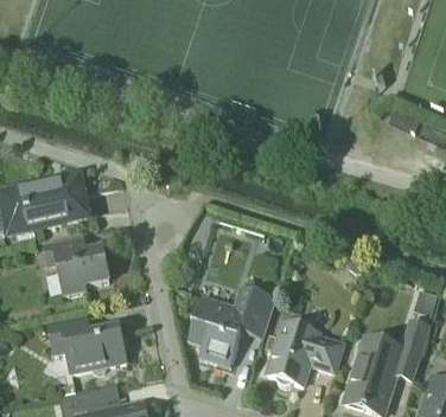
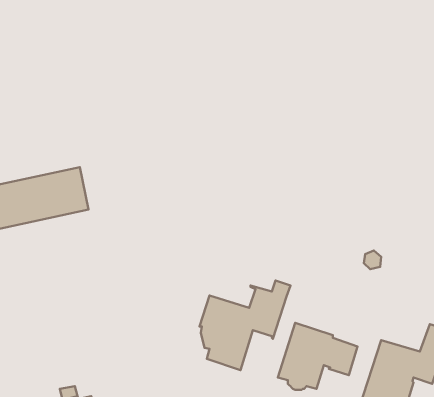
building: [45,236,109,294] -> none
building: [49,314,127,371] -> none

